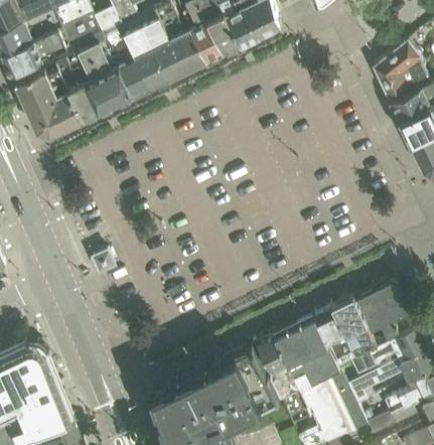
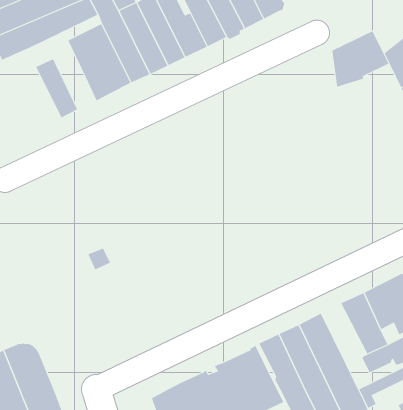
building: none -> [332,31,389,87]
building: [56,61,101,124] -> none
building: [15,76,67,140] -> none
building: [314,307,357,365] -> none

